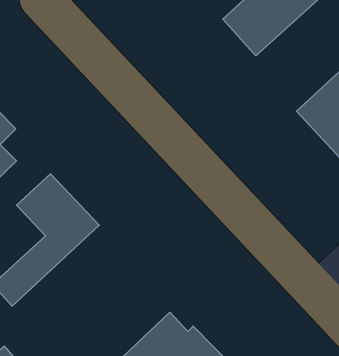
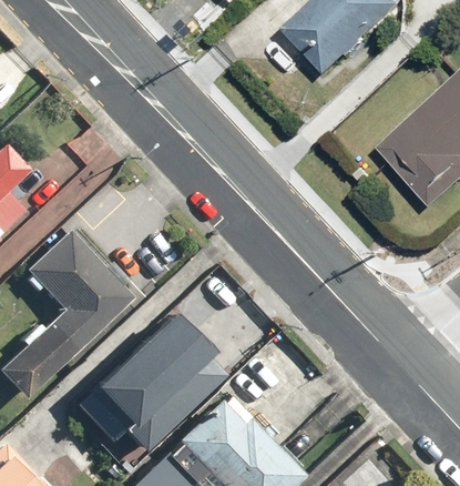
building: none -> [80,312,227,449]

